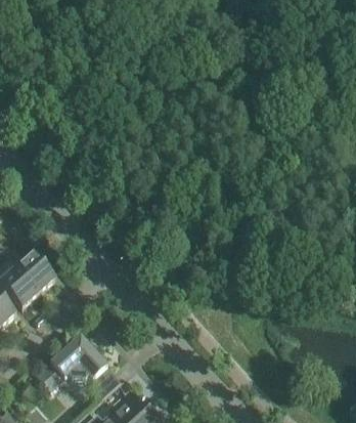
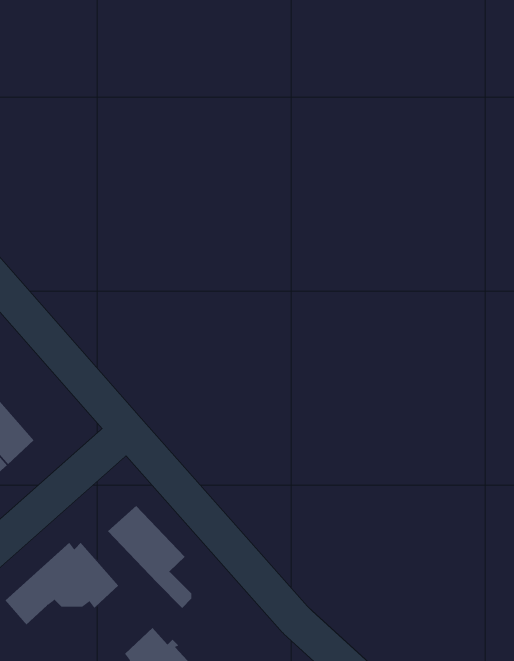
building: none -> [107,505,192,609]

